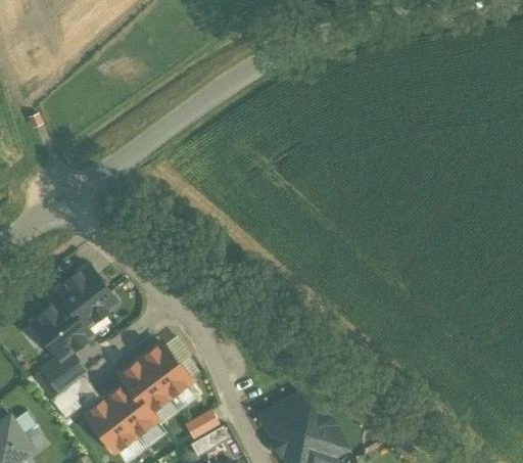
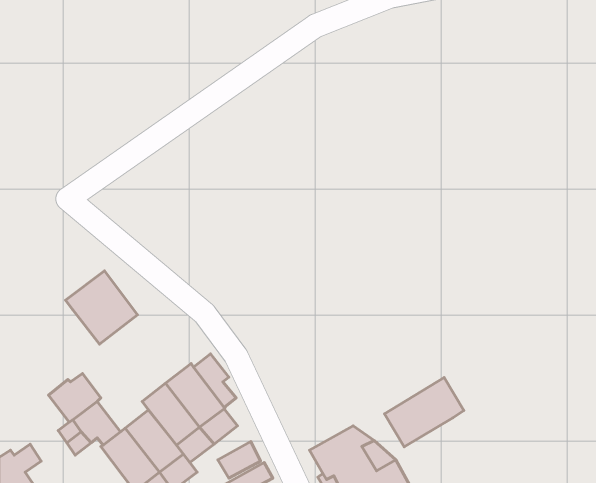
building: [32,298,91,359] -> none
building: none -> [384,378,464,447]

